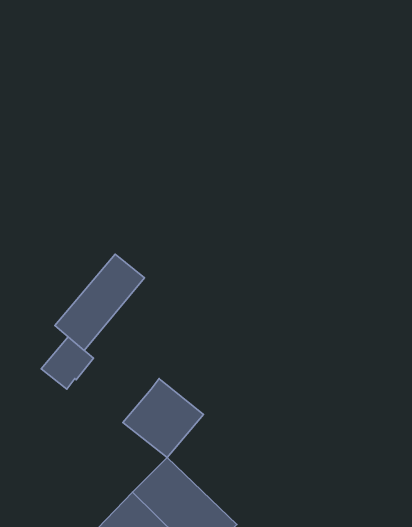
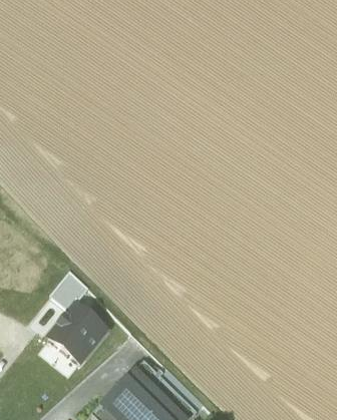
building: [55,254,145,350] -> none
building: [123,378,203,457] -> [47,302,107,361]

